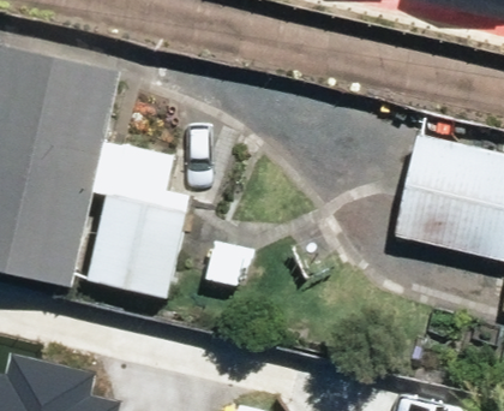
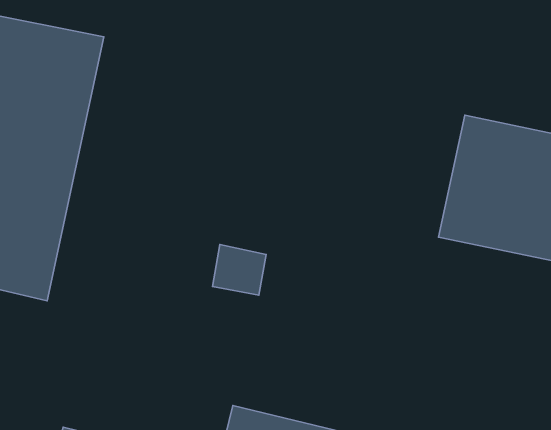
building: [83,190,185,294] -> none

